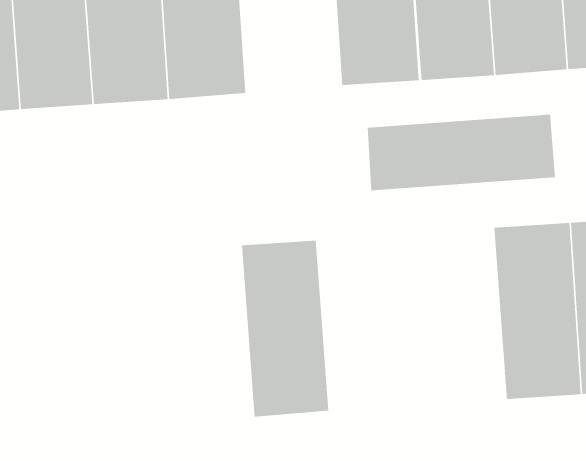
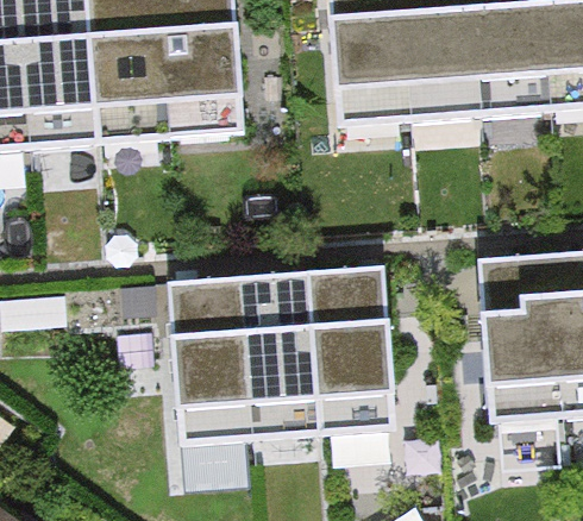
building: [367,114,555,191] -> none
building: none -> [312,266,397,433]
building: none -> [168,276,252,444]

